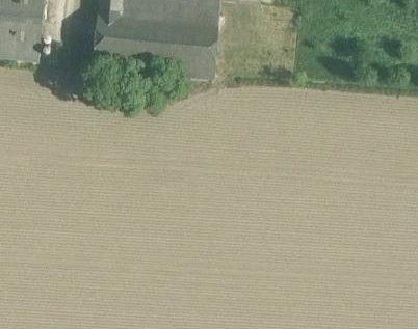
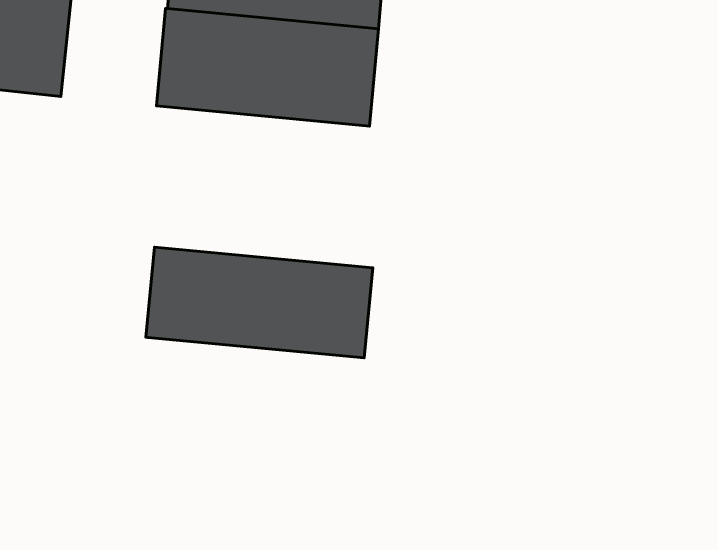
building: none -> [146,247,373,358]

